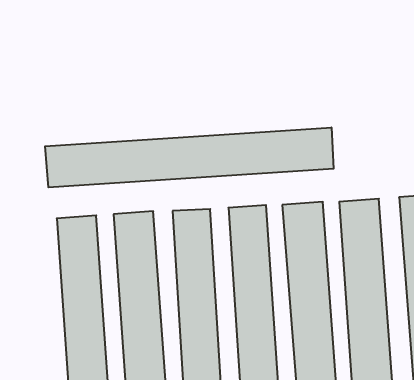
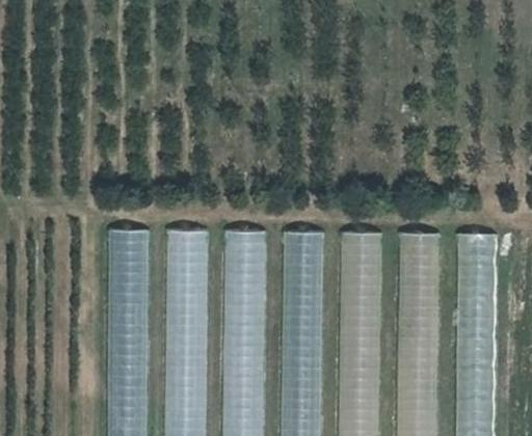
building: [45,127,334,187] -> none

